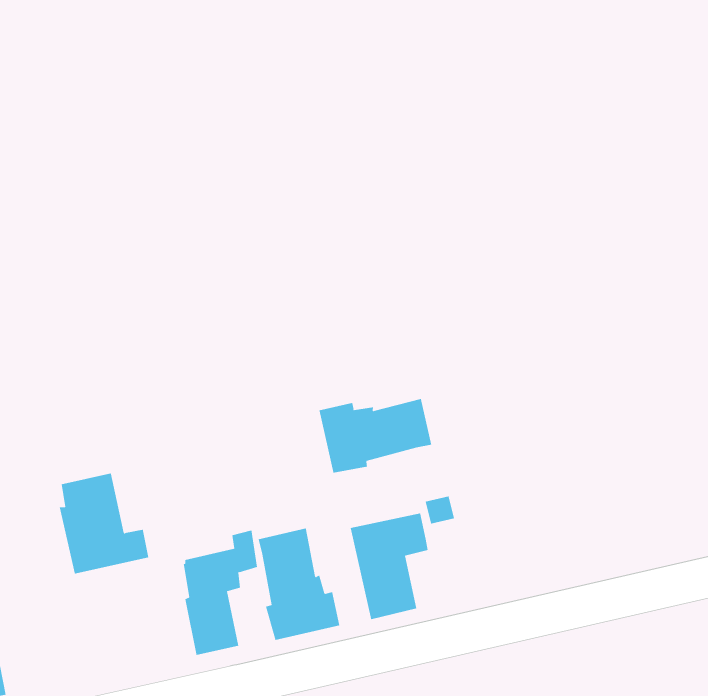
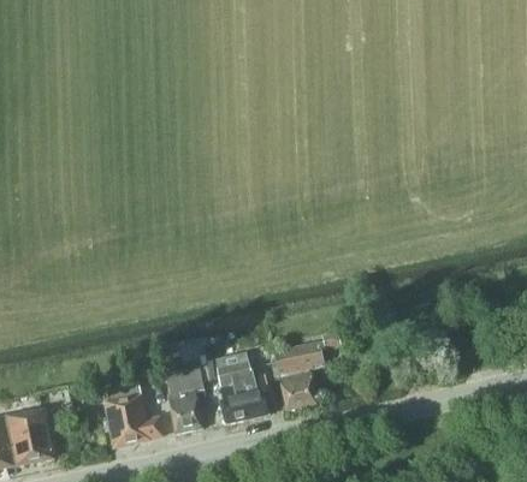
building: [319,398,432,473] -> none
building: [59,473,149,574] -> [103,381,161,446]

